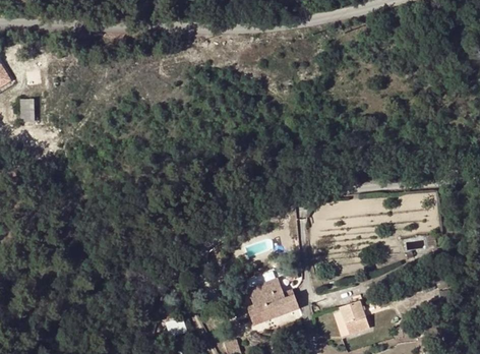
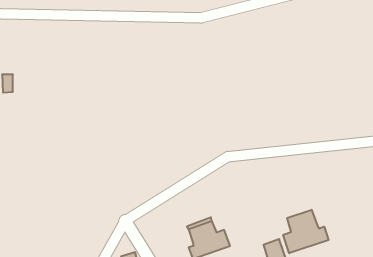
building: none -> [283,210,329,253]

